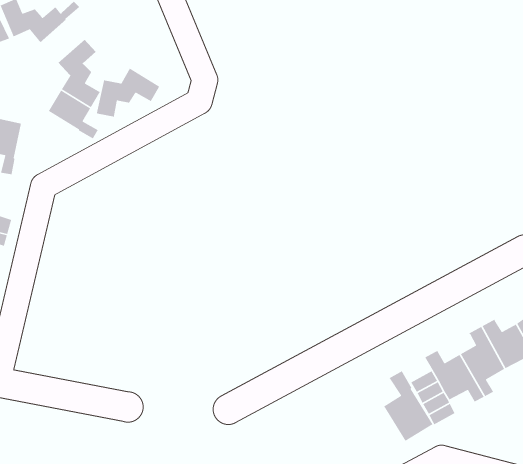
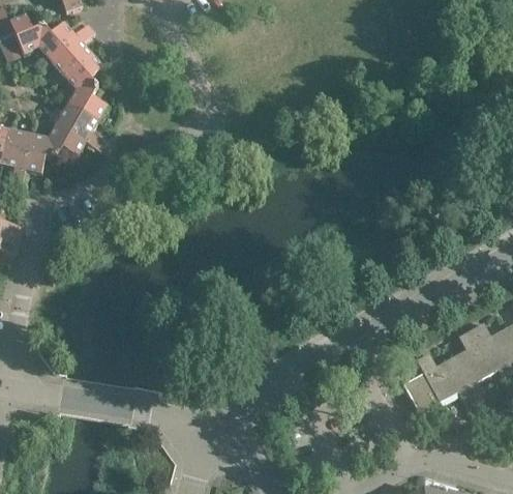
building: none -> [48,35,90,77]
building: [96,68,160,117] -> [23,123,84,171]
building: [383,370,433,442] -> none

